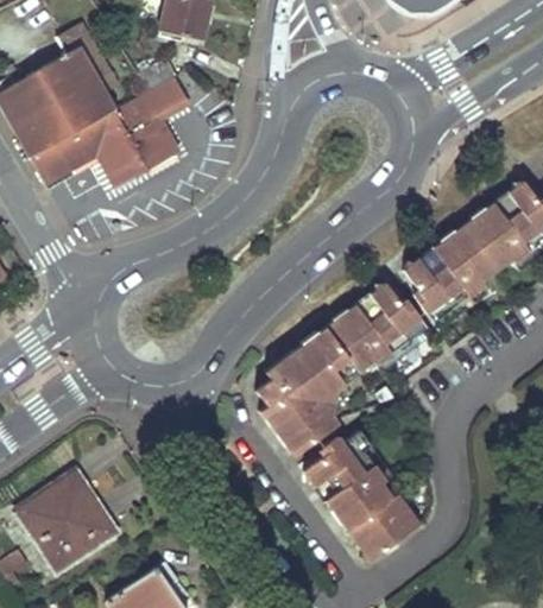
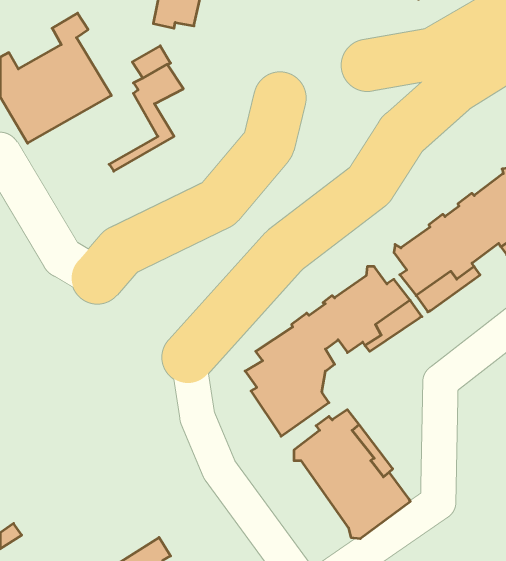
building: [31,96,164,185] -> none
building: [18,467,118,569] -> none

